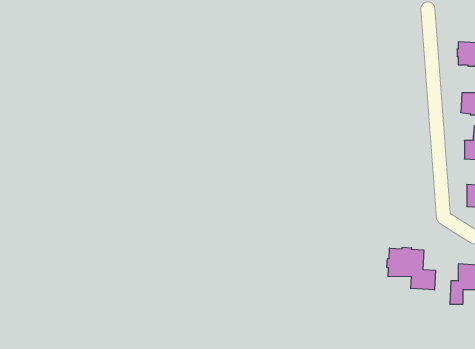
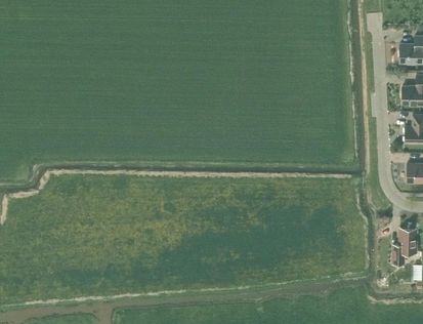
building: [387,247,435,290] -> none

